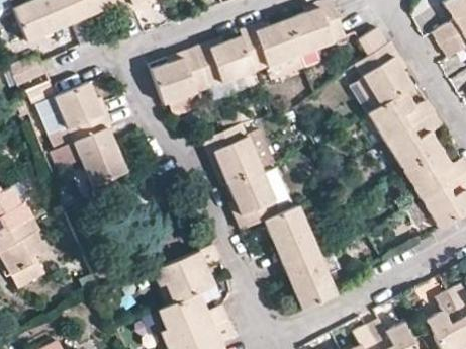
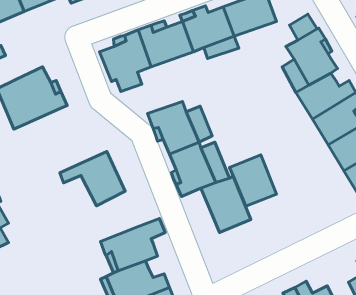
building: [58,130,129,190] -> [60,152,125,206]
building: [283,253,335,310] -> [229,155,276,206]

